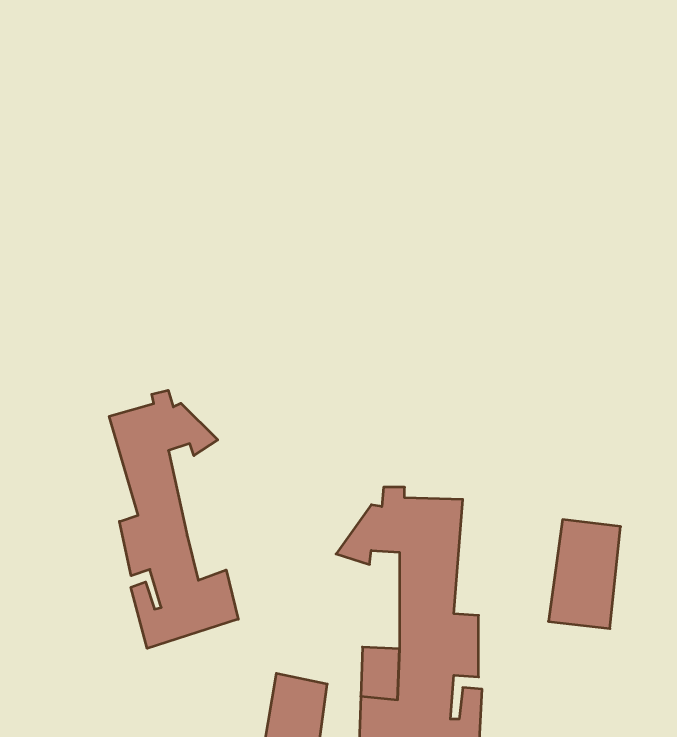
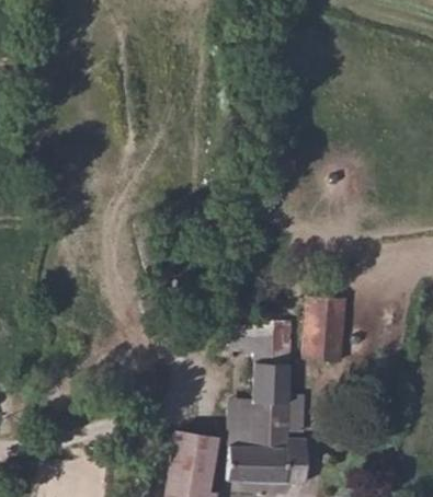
building: [109,390,238,648] -> none
building: [548,520,621,629] -> [303,294,347,362]

